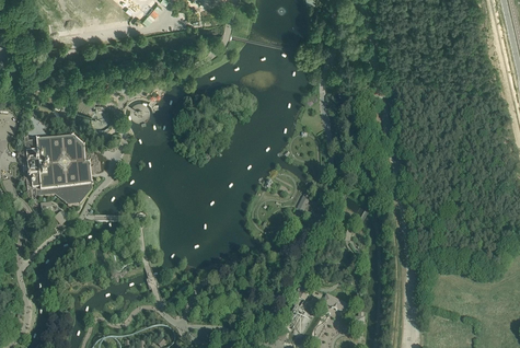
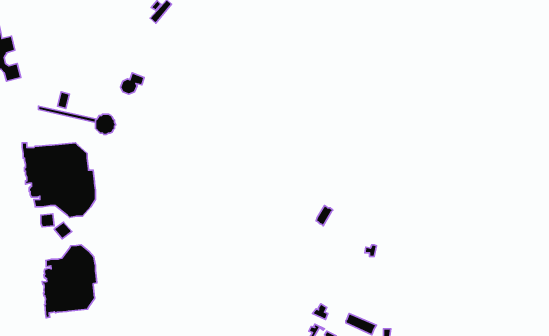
building: none -> [42,245,97,318]

